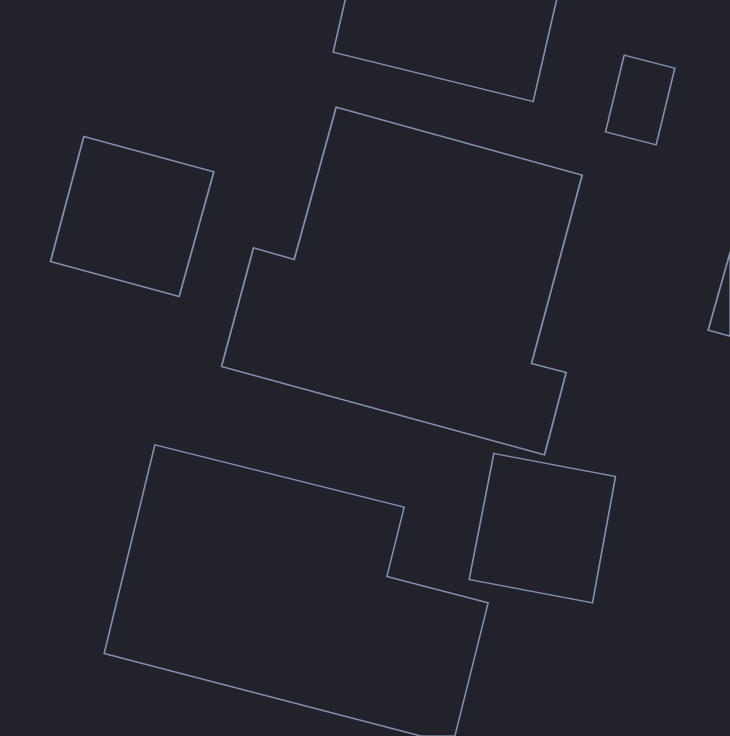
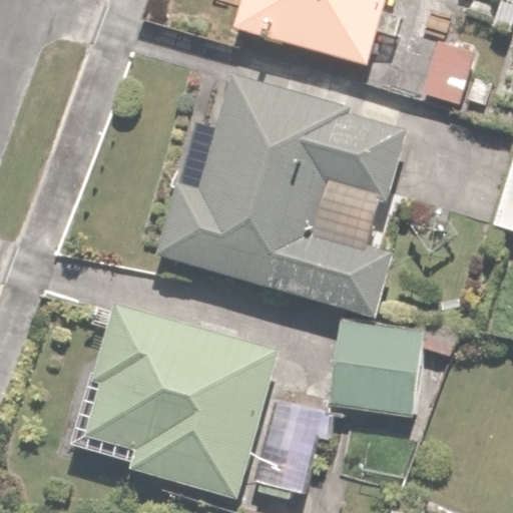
building: [51,136,214,297] -> none

